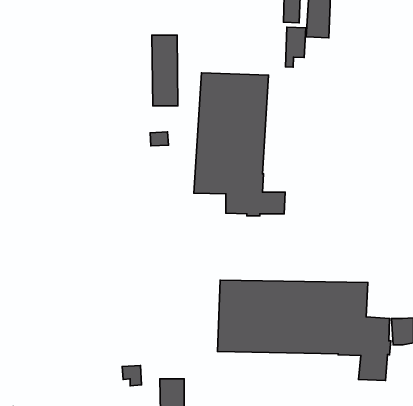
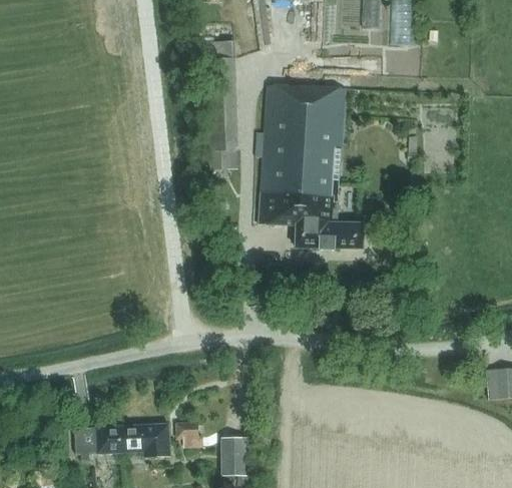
building: [286,27,306,67] -> none
building: [217,280,391,380] -> none
building: none -> [72,423,170,458]

